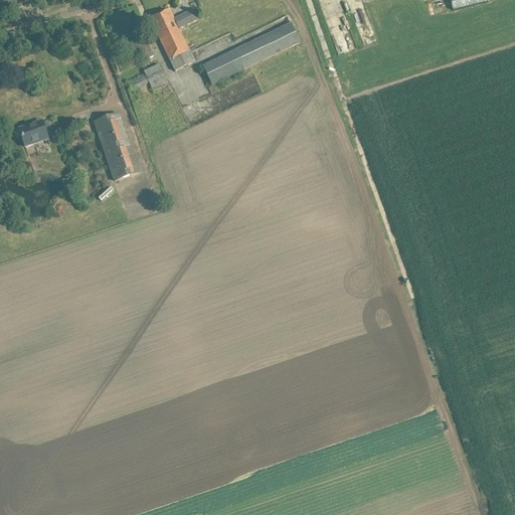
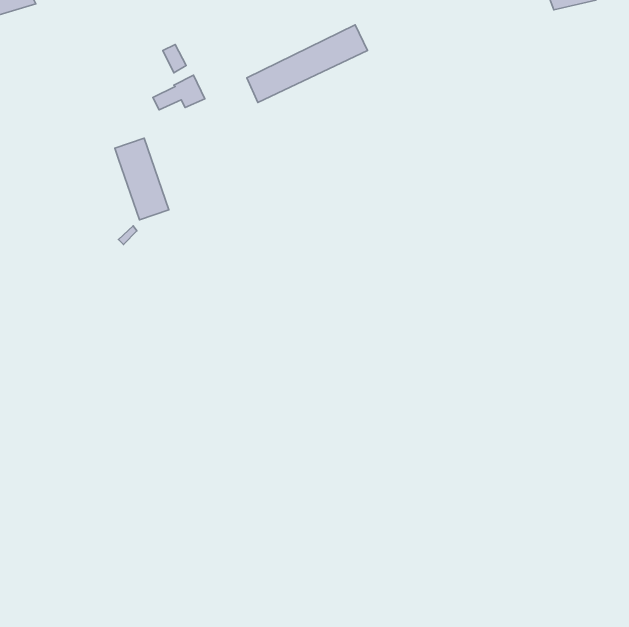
building: [149,7,198,69] -> none
building: [12,119,47,145] -> none

